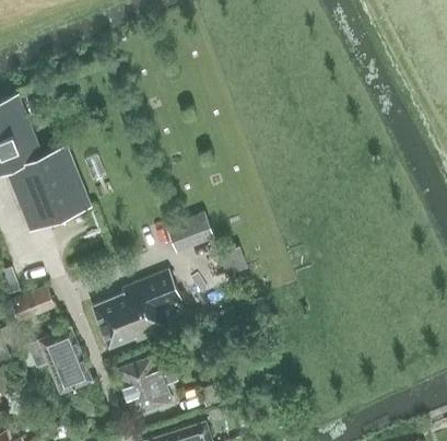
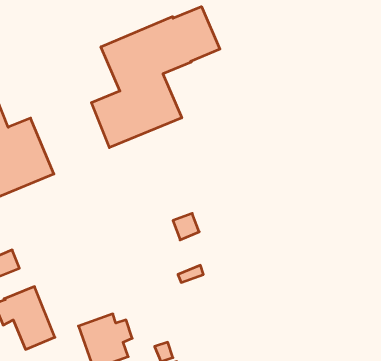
building: none -> [91,7,220,148]
building: [166,213,213,253] -> none
building: [92,270,185,348] -> none

